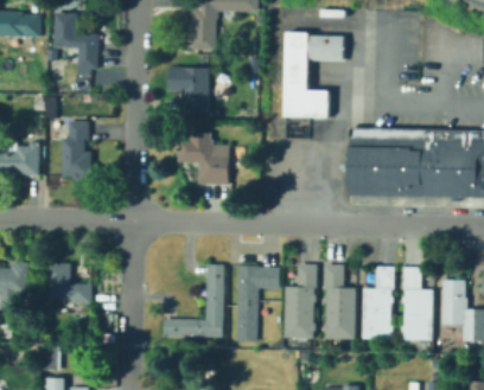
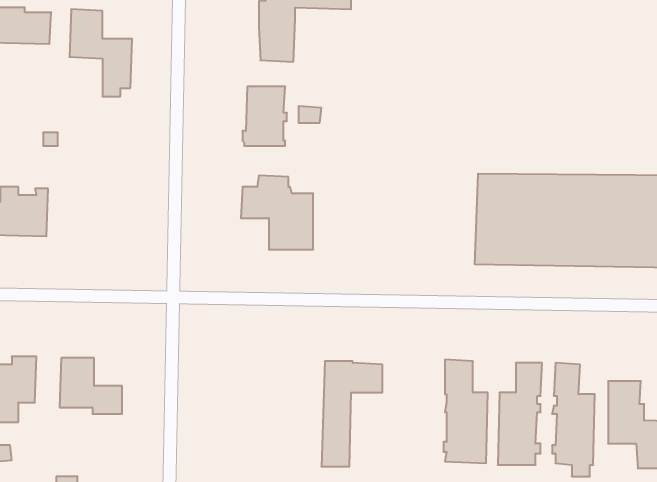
building: [285,31,348,115] -> none
building: [62,121,93,181] -> none
building: [284,263,316,339] -> none
building: [163,264,221,338] -> none

